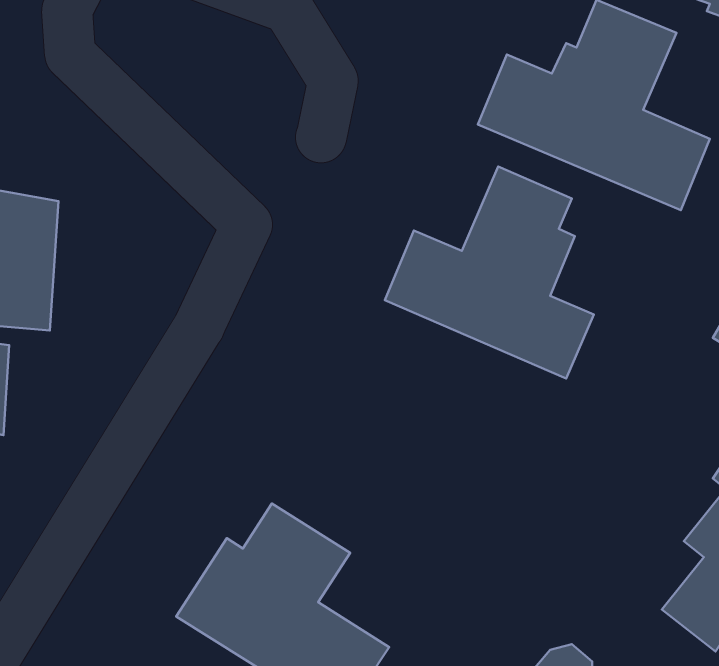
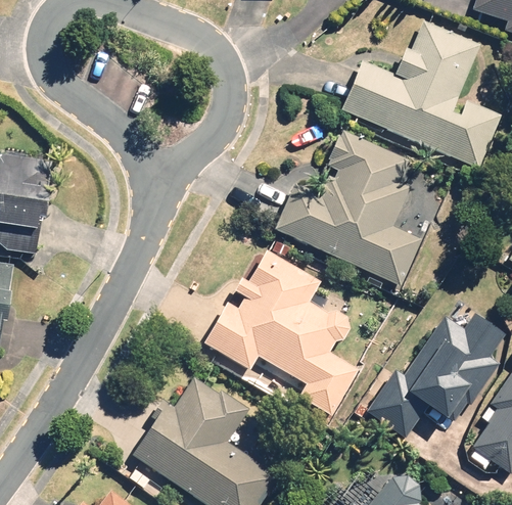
building: none -> [201,248,361,417]
building: none -> [364,314,505,440]

